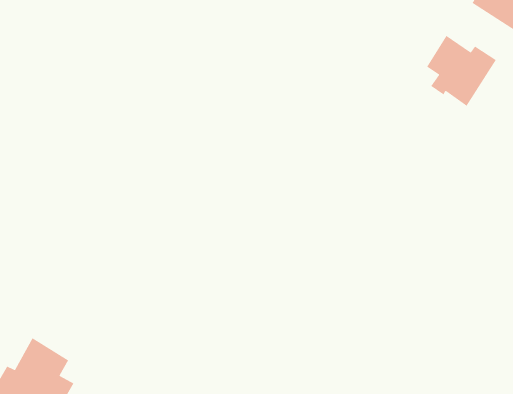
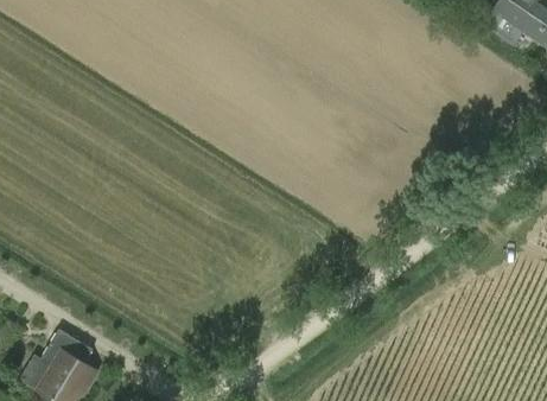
building: [426,35,497,107] -> none

